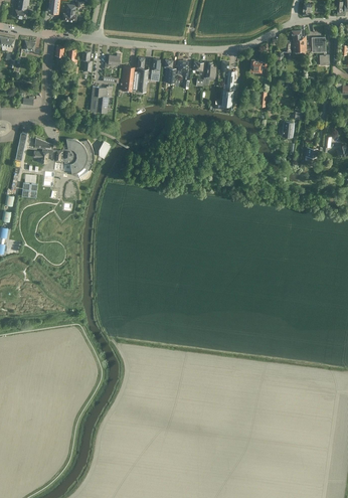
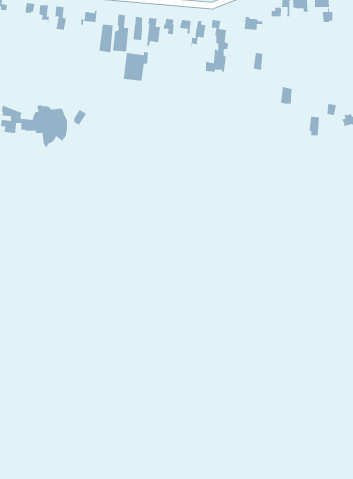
building: [90,85,113,112] -> [123,51,149,82]

